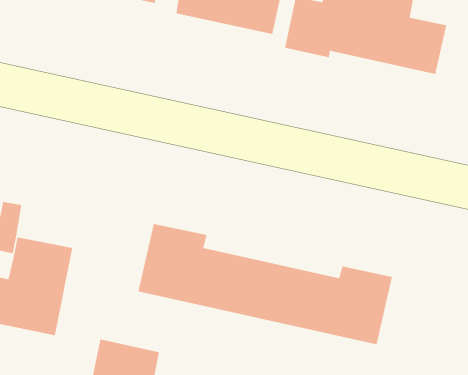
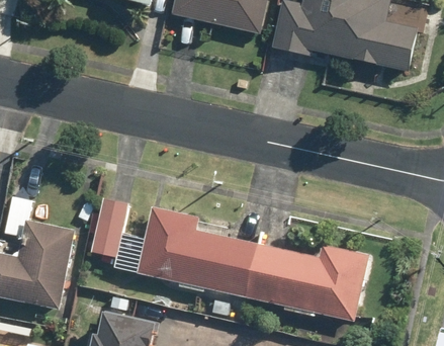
building: none -> [91,197,126,256]

